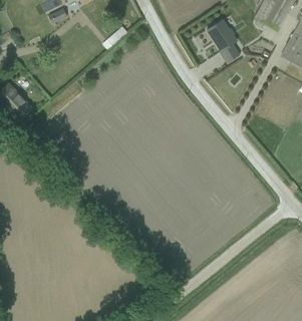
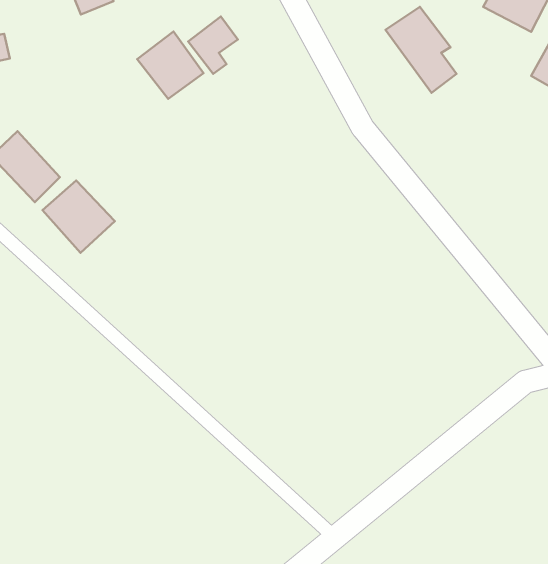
building: none -> [137,32,204,99]
building: none -> [43,180,115,253]

